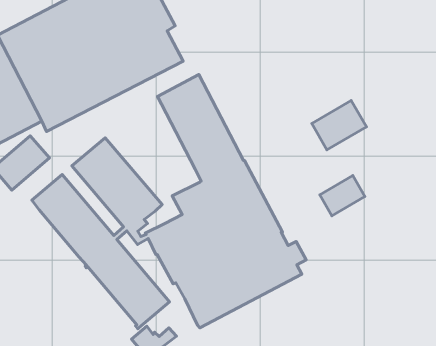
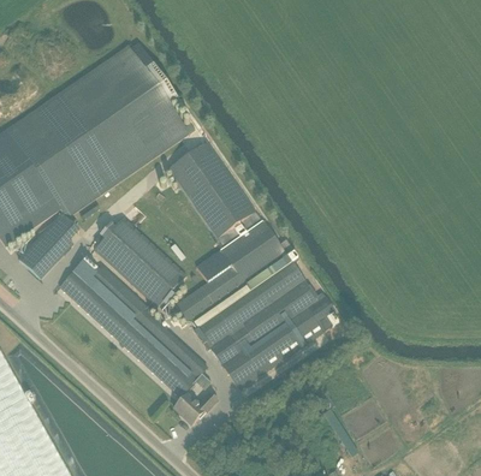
building: [312,101,366,150] -> none
building: [320,175,365,216] -> none

